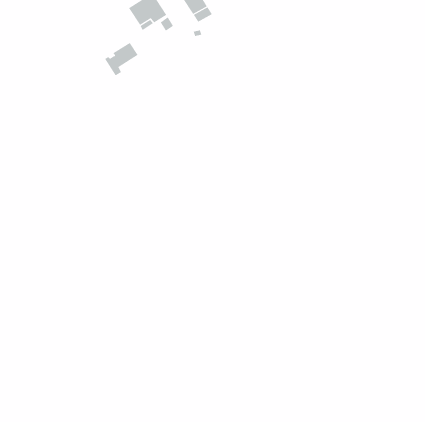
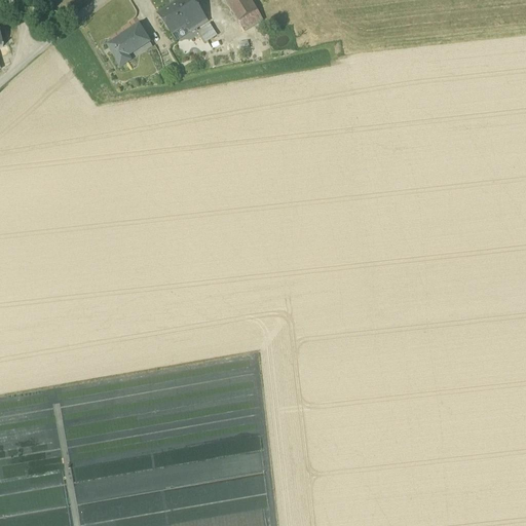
building: [104,42,138,76] -> [107,23,149,65]

